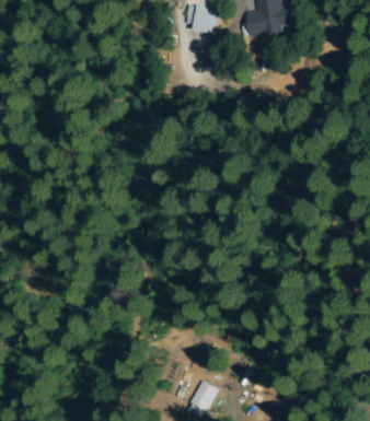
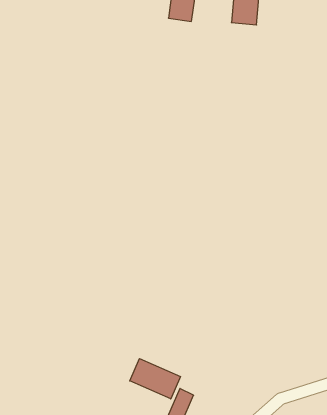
building: none -> [130,359,181,399]

